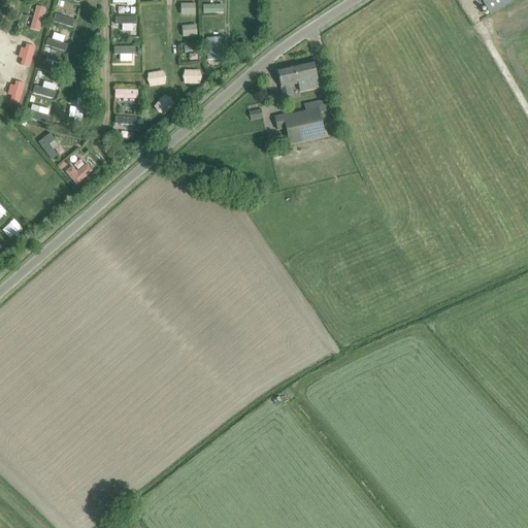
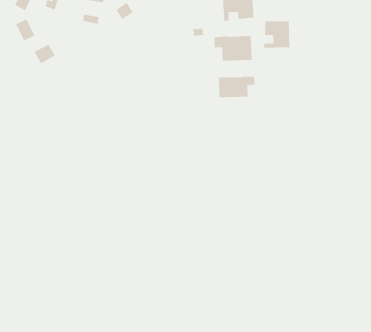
building: none -> [264,21,290,49]
building: none -> [218,76,255,98]

